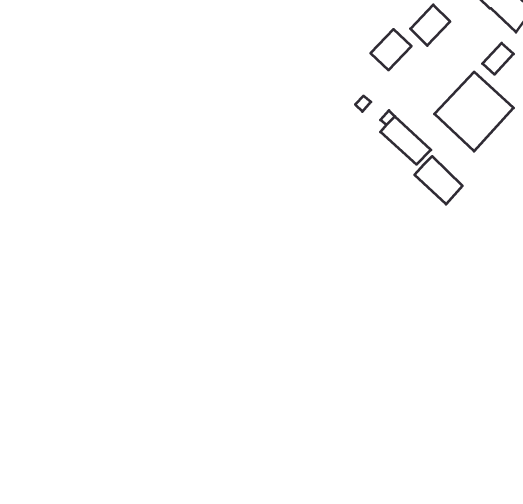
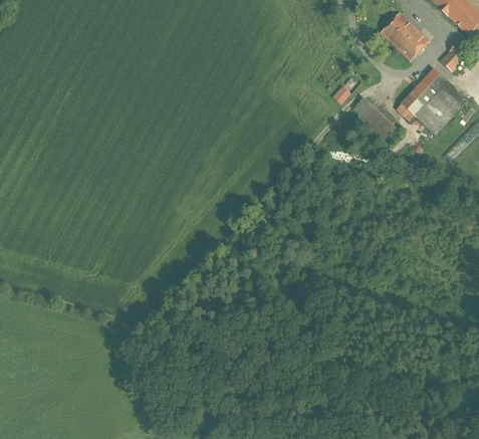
building: [371,29,411,70] -> [395,25,429,59]
building: [415,156,462,204] -> none

